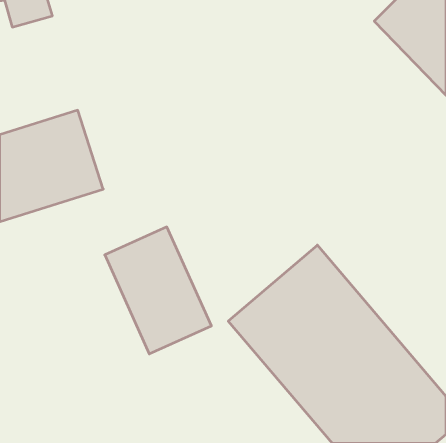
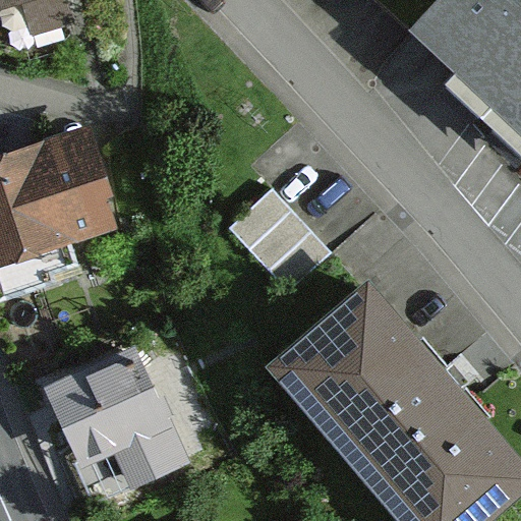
building: none -> [236,178,330,276]
building: [105,227,211,354] -> [68,356,192,504]

